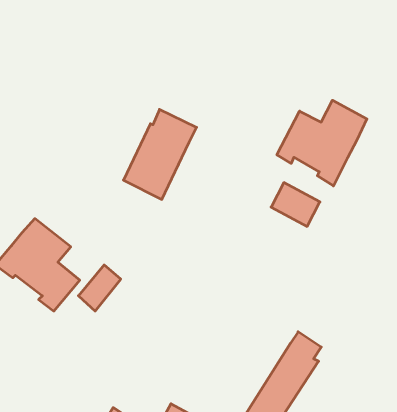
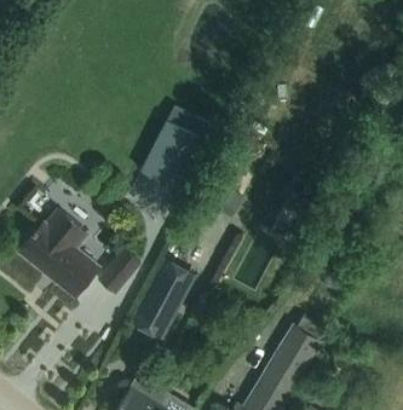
building: [277,100,367,186] -> none
building: none -> [132,260,195,340]

